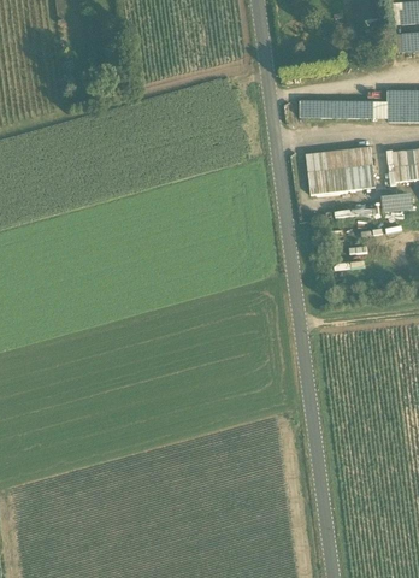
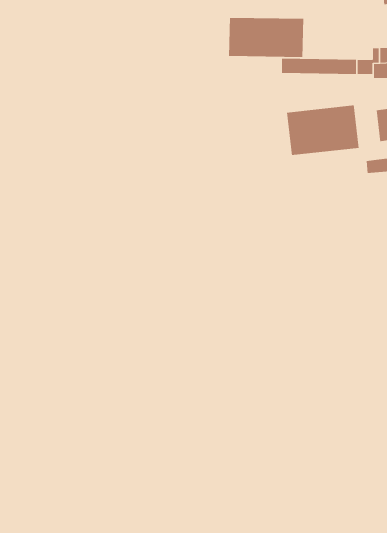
building: none -> [229,17,304,58]

